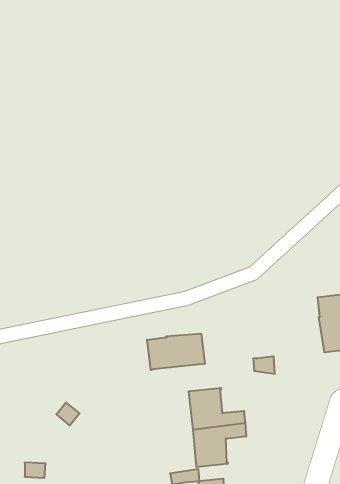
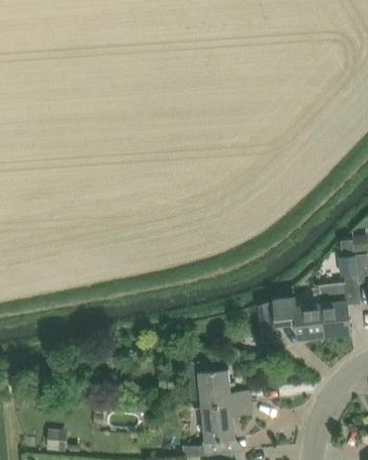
building: none -> [272,297,324,340]
building: [147,334,205,370] -> none

